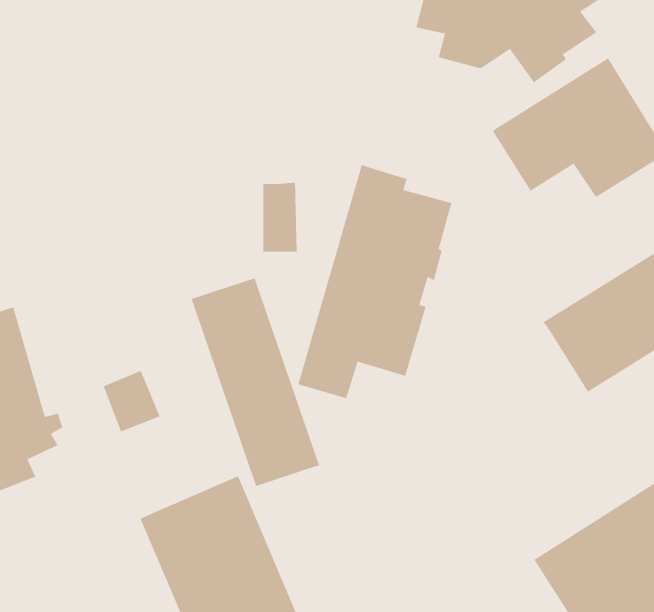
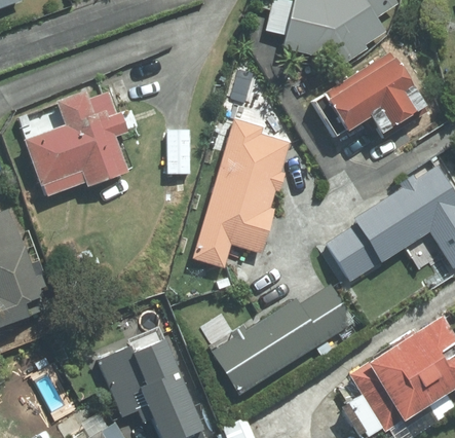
building: none -> [26,90,130,197]
building: [191,277,320,487] -> none
building: none -> [326,225,380,283]
building: none -> [211,284,356,397]

